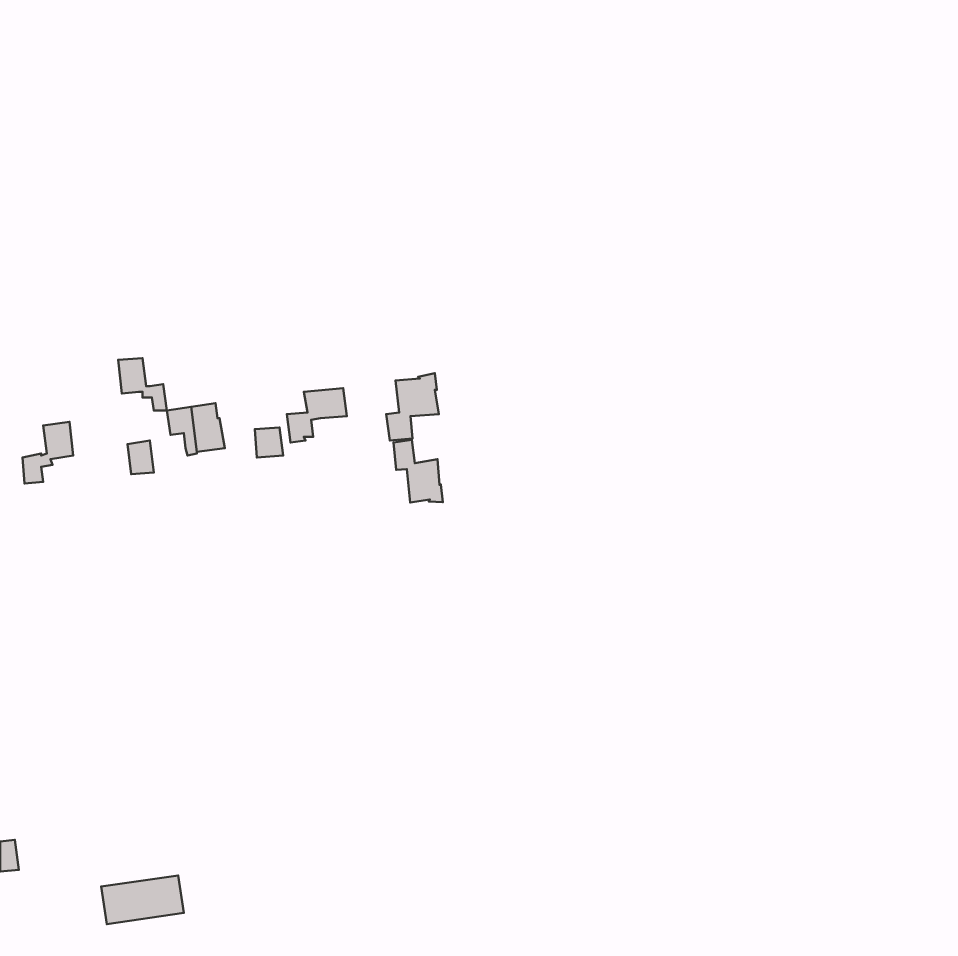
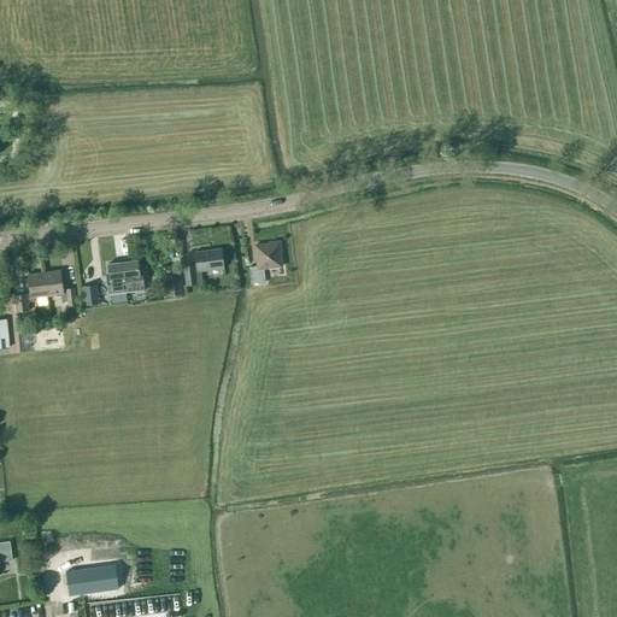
building: [118,358,167,411] -> [45,270,76,304]
building: [394,440,443,502] -> none

